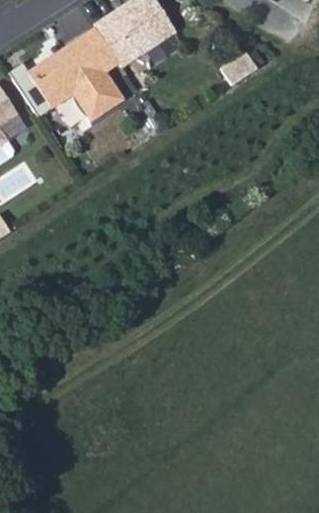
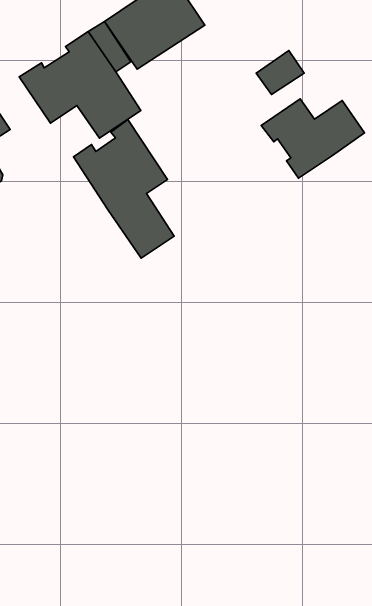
building: none -> [261,99,364,178]
building: none -> [73,119,174,258]

